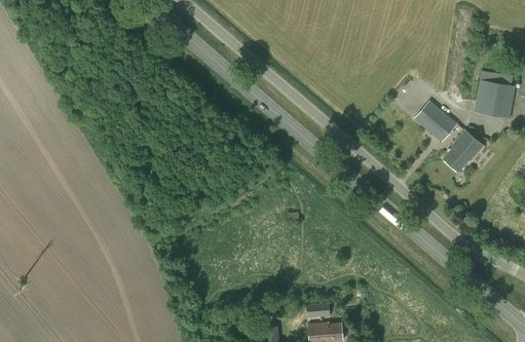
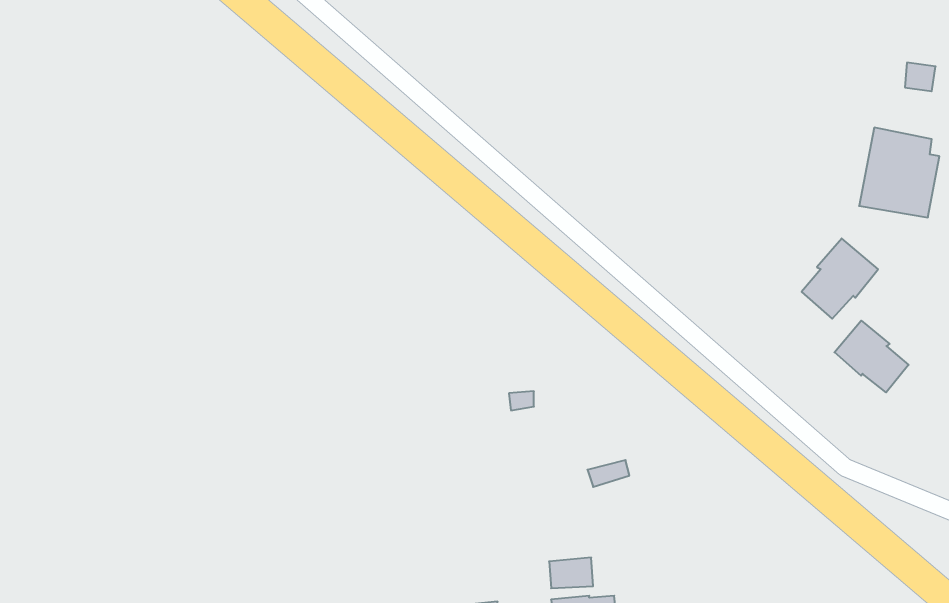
building: [414,100,457,142] -> none
building: none -> [834,321,909,392]

